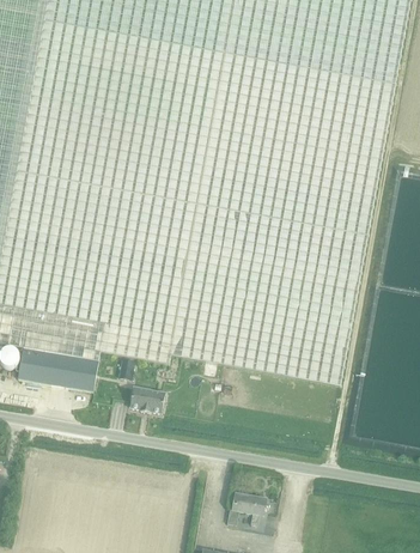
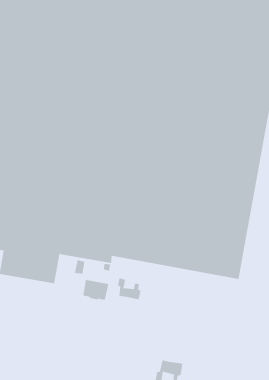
building: none -> [117,278,141,300]

